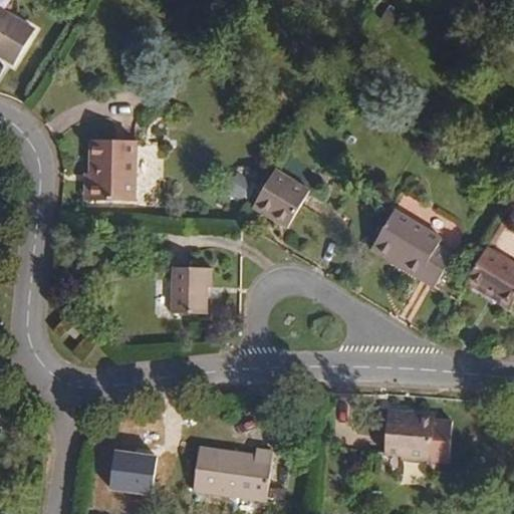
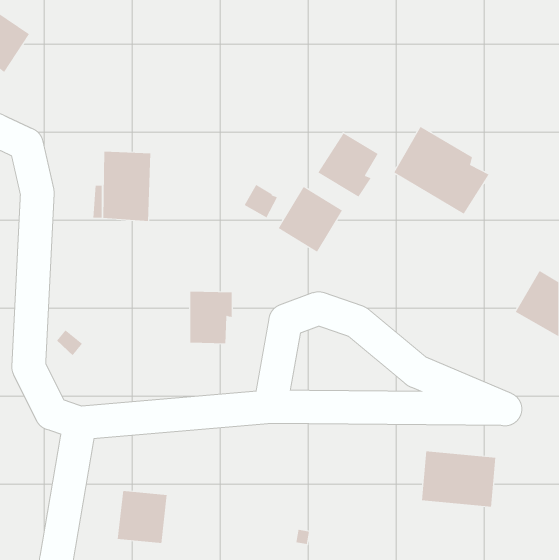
building: none -> [318,133,378,198]
building: [376,208,464,288] -> [394,126,490,214]
building: [194,445,272,498] -> none

